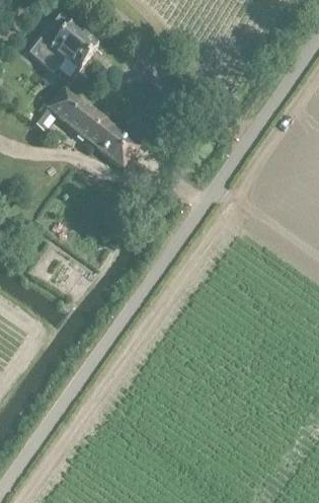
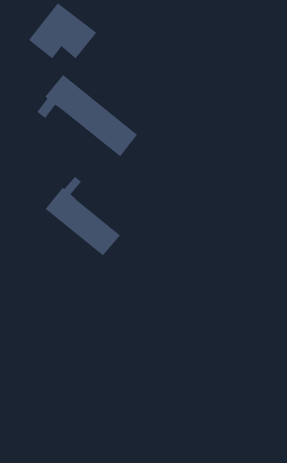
building: none -> [45,176,121,256]

